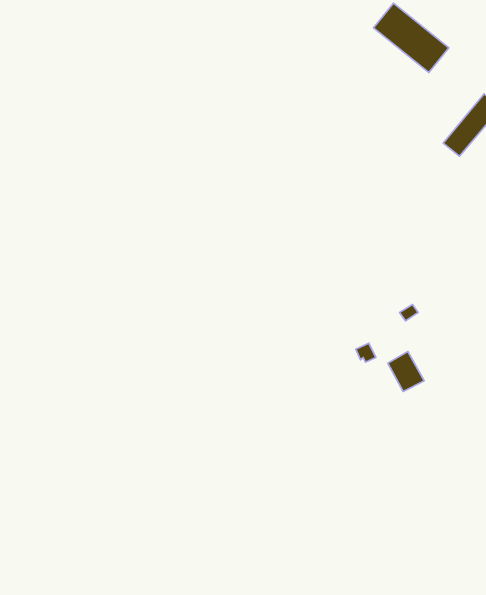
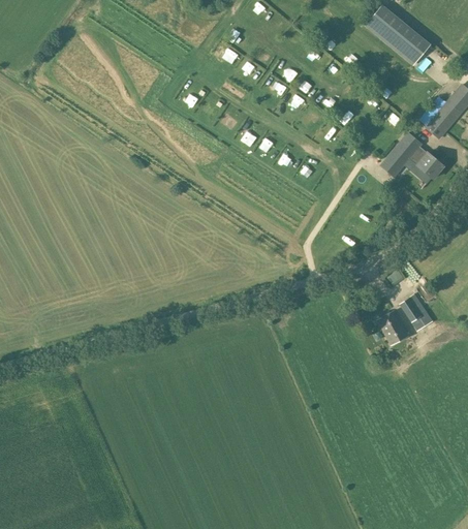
building: none -> [380,133,444,183]
building: none -> [399,293,433,331]

